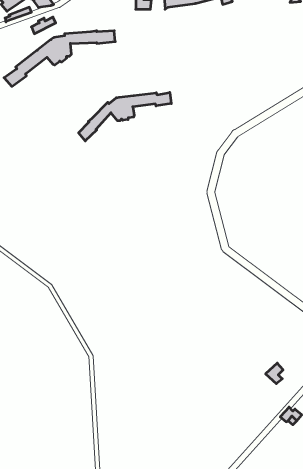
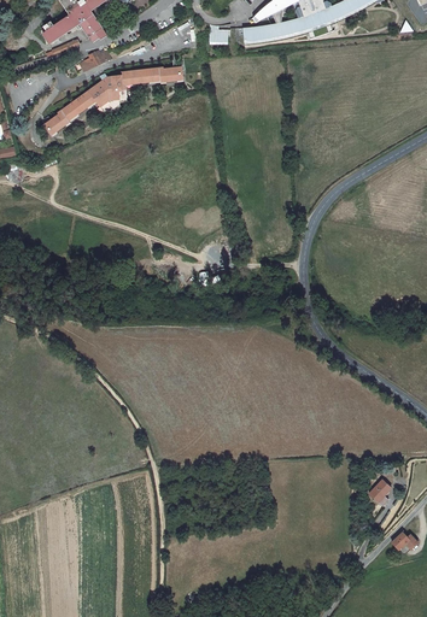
building: [79,92,171,141] -> none

